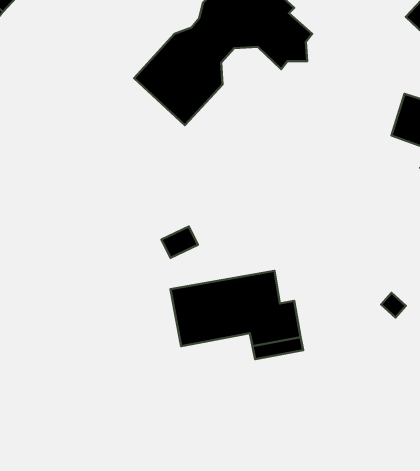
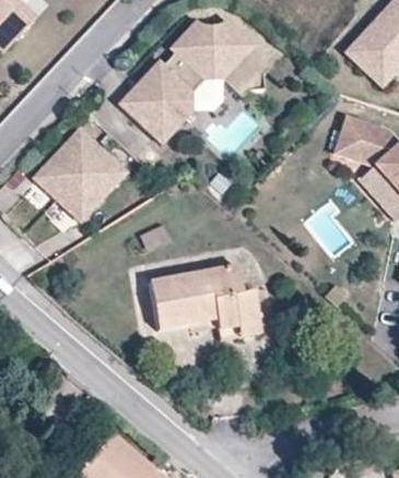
building: none -> [33,127,127,220]

